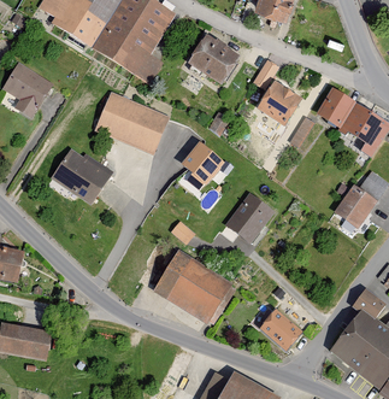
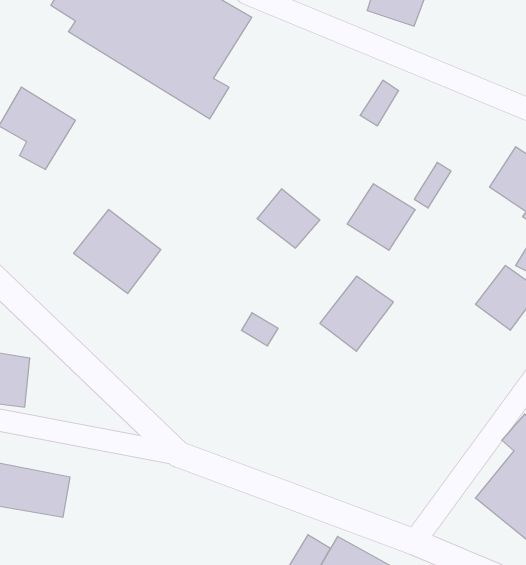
building: [189,36,242,88] -> none
building: [257,82,303,128] -> [347,184,415,250]
building: [317,89,358,131] -> none
building: [94,93,167,156] -> none
building: [154,251,231,321] -> none
building: [257,307,302,351] -> none

